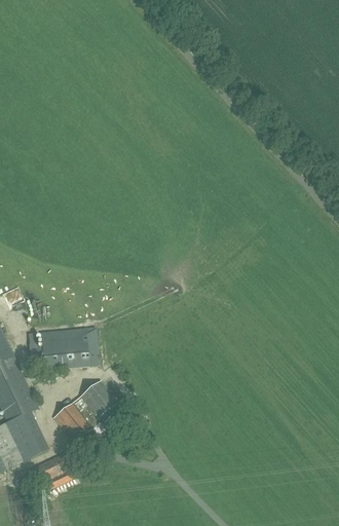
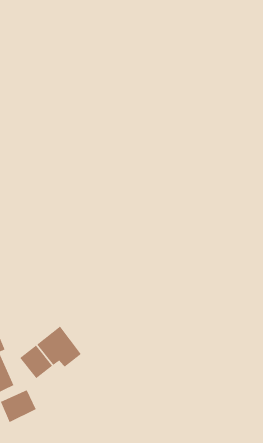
building: [40,326,100,370] -> none

